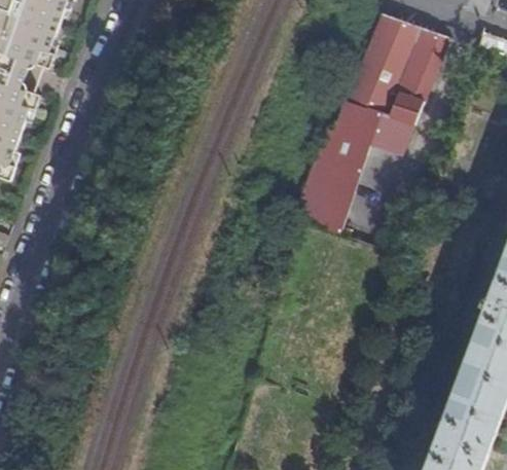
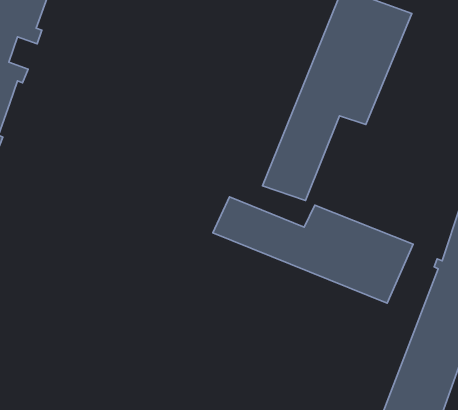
building: none -> [213,197,413,303]

